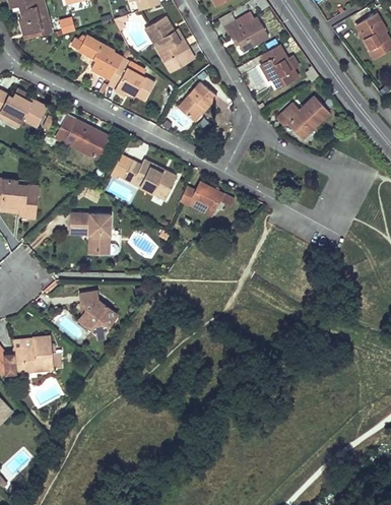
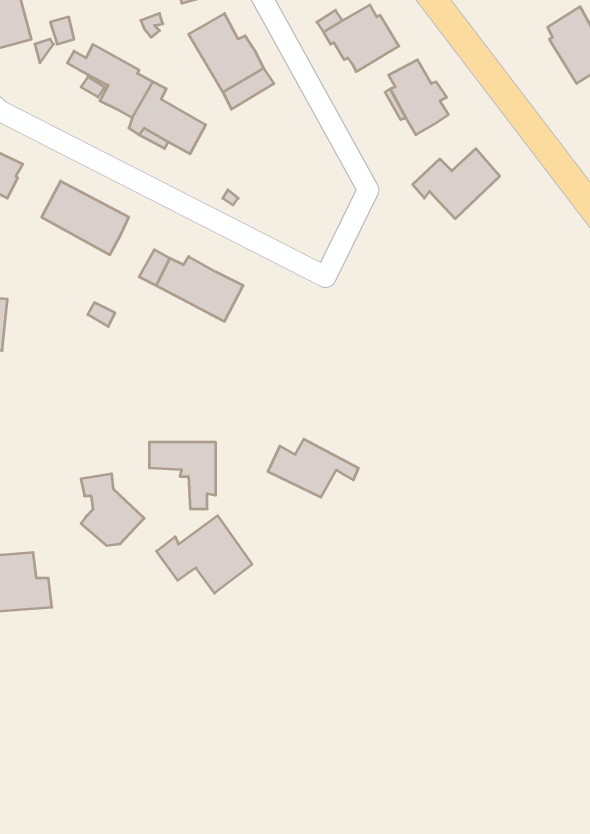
building: [178,82,215,121] -> none
building: [179,182,233,216] -> [268,439,358,497]
building: [69,213,109,253] -> [149,442,216,509]
building: none -> [156,516,252,593]

